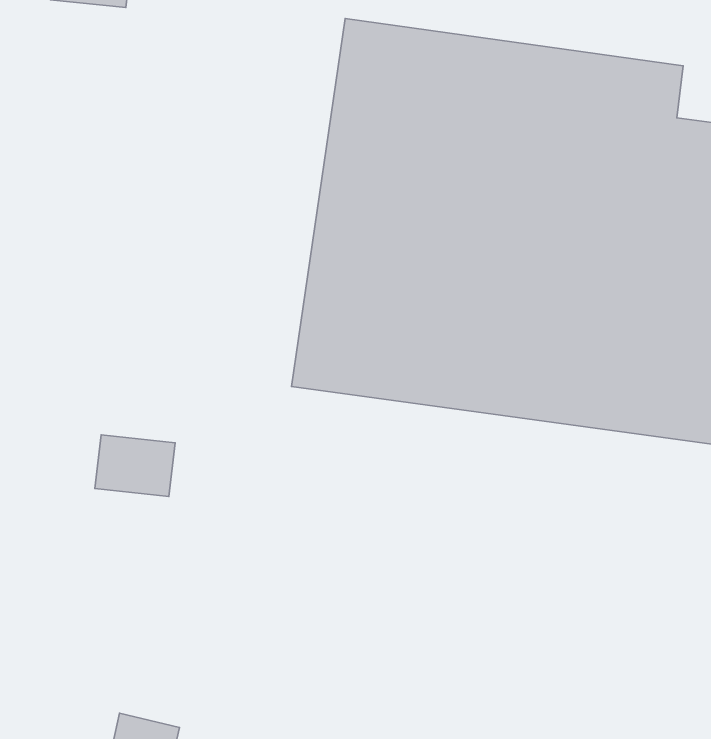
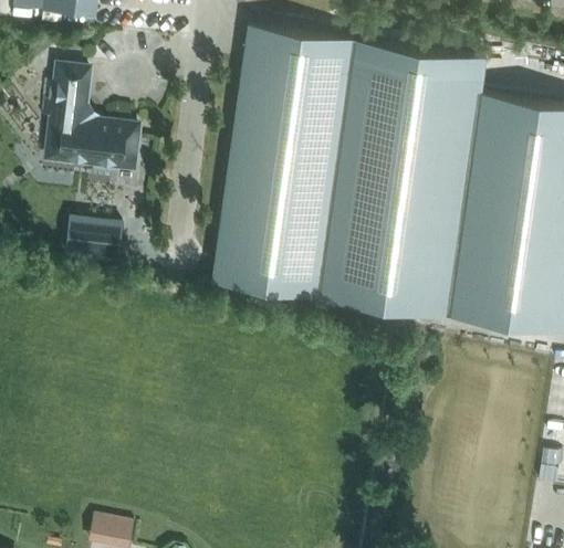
building: none -> [40,71,138,182]
building: [95,435,175,496] -> [65,221,122,264]

